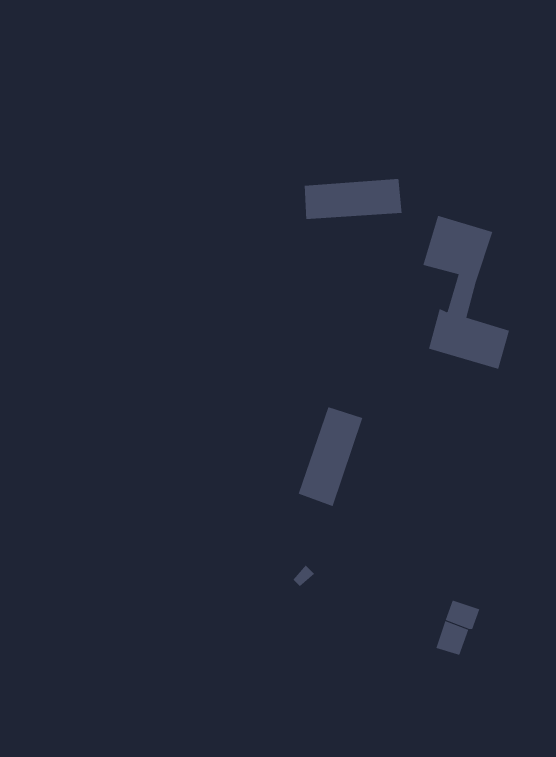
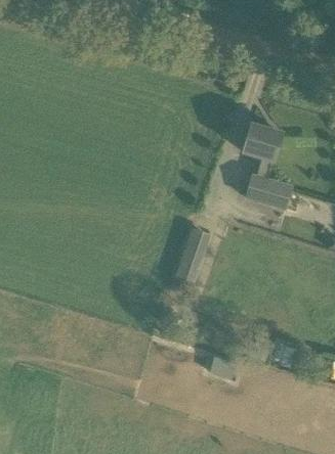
building: [304,178,402,220] -> none

